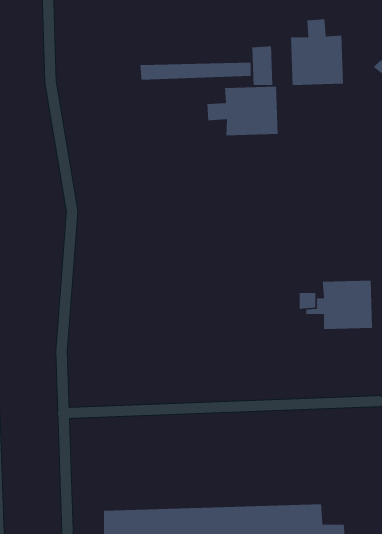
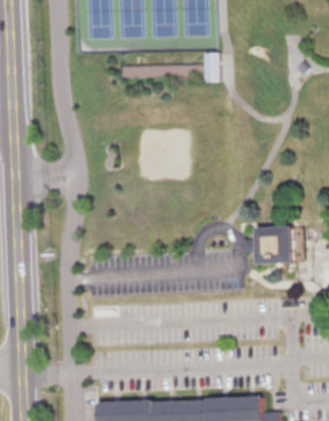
building: [290,19,344,86] -> none
building: [206,86,278,136] -> none

